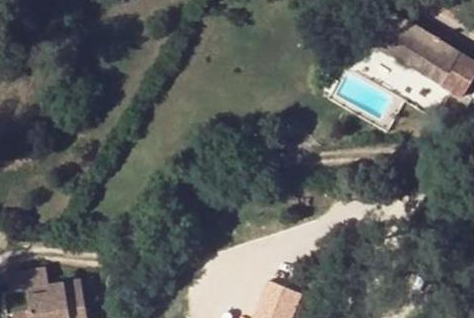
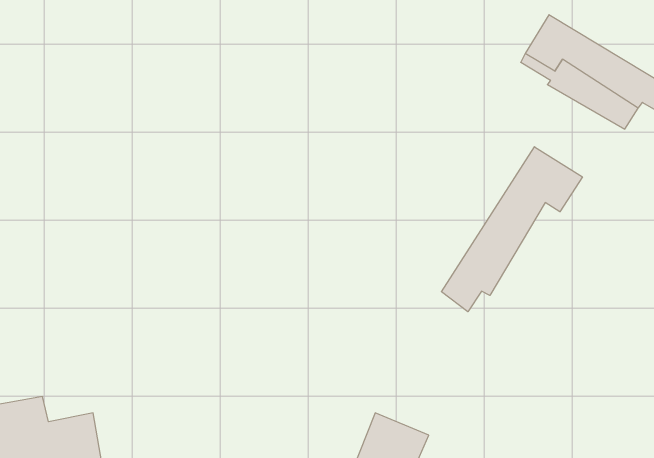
building: none -> [441,147,582,312]

